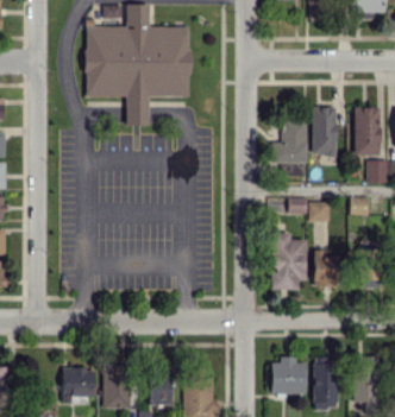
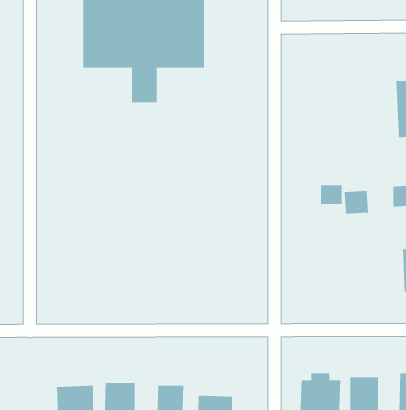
building: [313,106,337,154] -> none
building: [275,120,308,176] -> none
building: [272,233,307,290] -> none
building: [313,249,340,286] -> none

